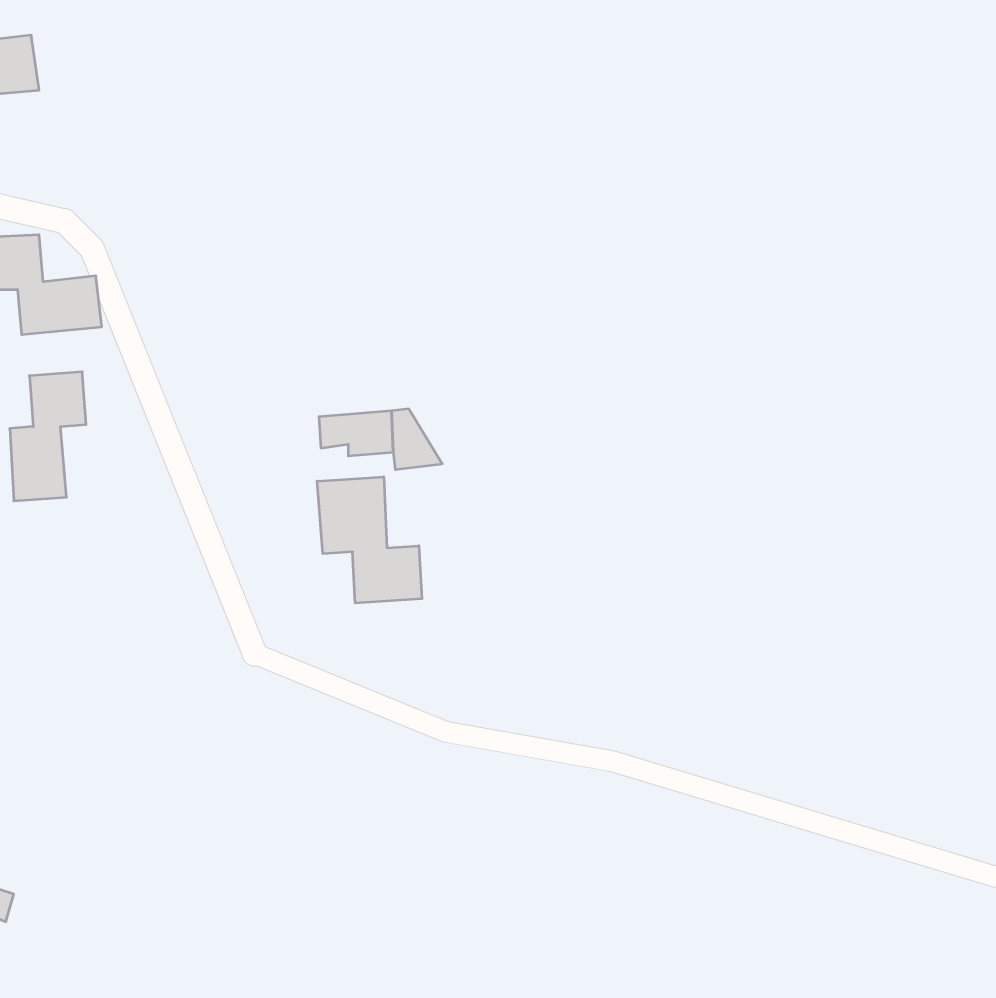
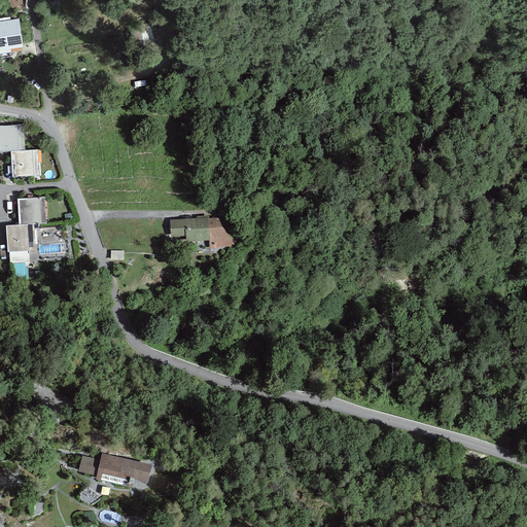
building: [317,477,422,603] -> none
building: none -> [77,453,148,485]

